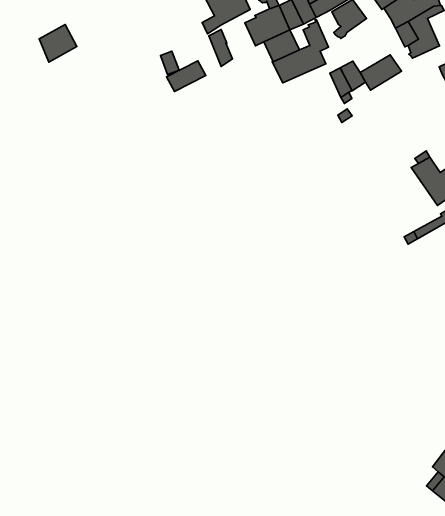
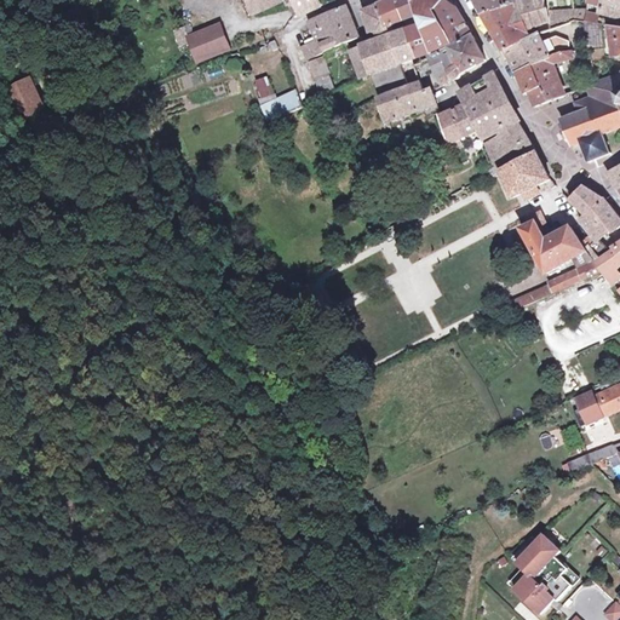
building: none -> [429,46,455,85]
building: [39,25,77,62] -> [188,22,229,62]
building: none -> [460,71,507,116]
building: none -> [482,120,527,156]
building: none -> [499,150,547,196]

